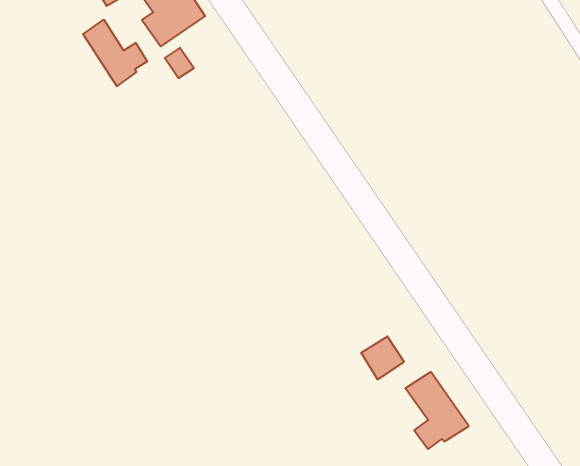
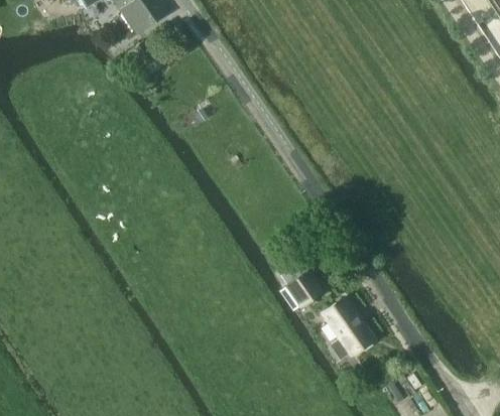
building: [83,20,147,86] -> none

